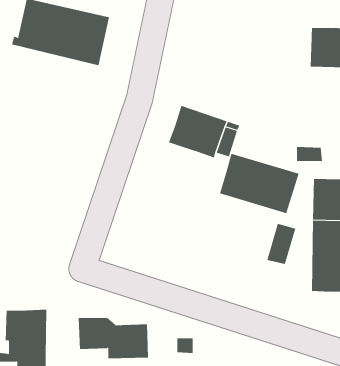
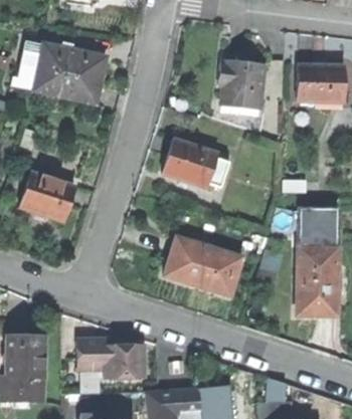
building: none -> [216,55,262,111]
building: none -> [18,173,73,221]
building: [219,153,300,214] -> [166,237,242,294]

